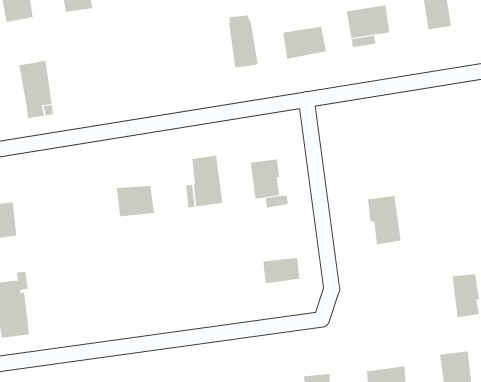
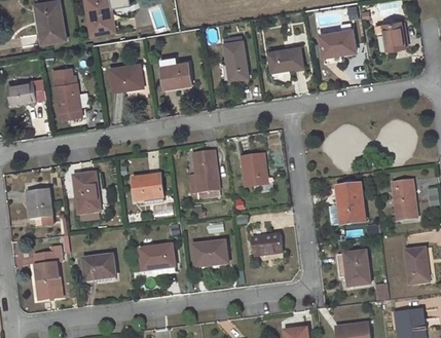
building: none -> [159,57,190,88]
building: none -> [109,64,142,91]
building: none -> [73,173,100,213]
building: none -> [392,180,417,221]
building: none -> [192,241,228,267]
building: none -> [139,245,175,271]
building: none -> [336,250,370,286]
building: none -> [83,256,114,280]

